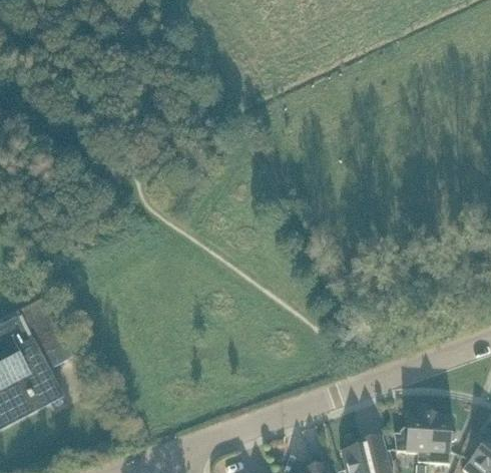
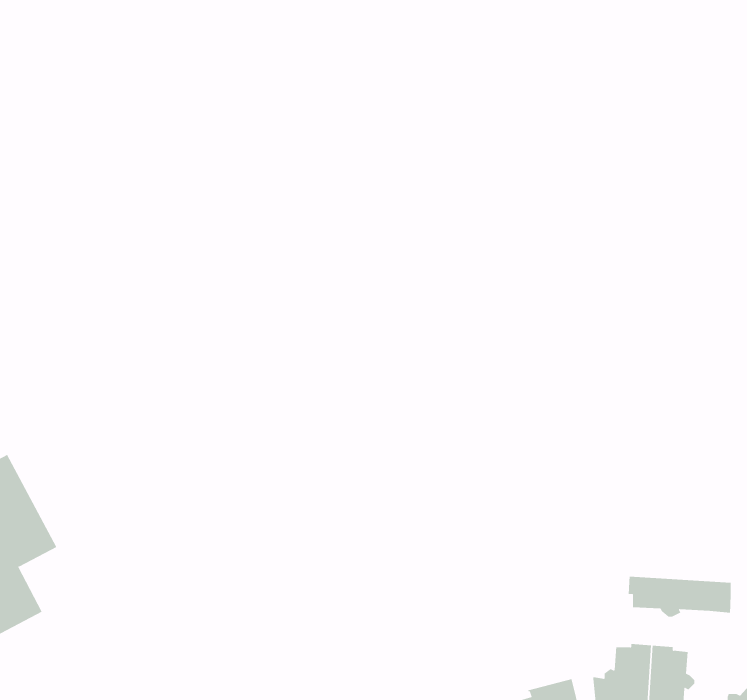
building: none -> [628,576,731,618]

